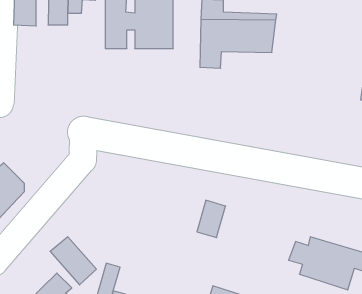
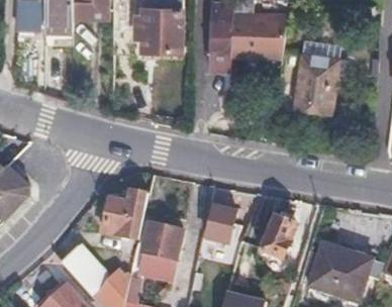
building: none -> [297,56,337,113]
building: none -> [103,189,149,239]
building: none -> [262,213,297,255]
building: none -> [137,223,182,283]

